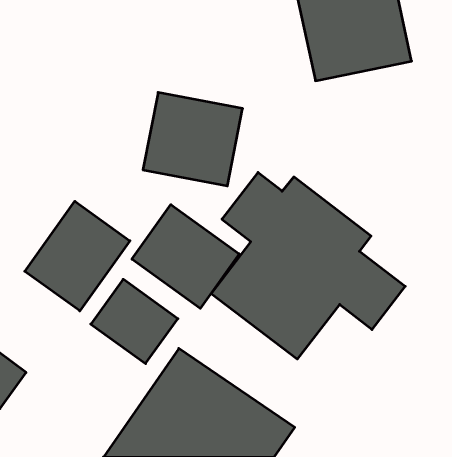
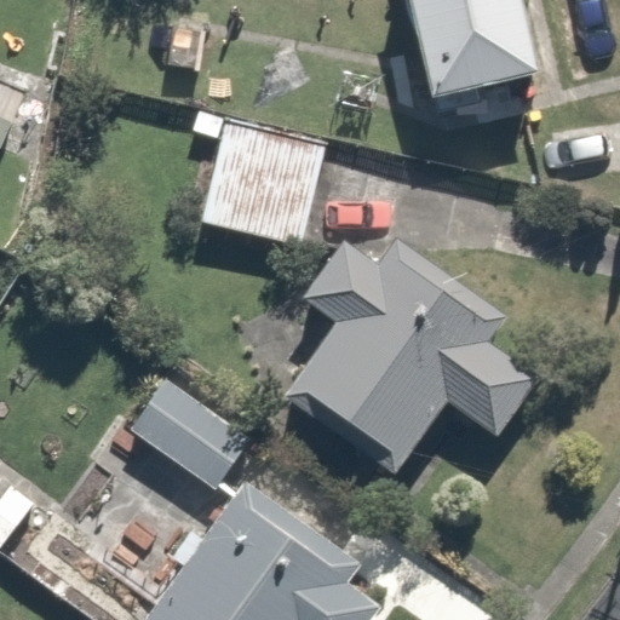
building: [25,201,130,311] -> none
building: [132,205,239,308] -> none

